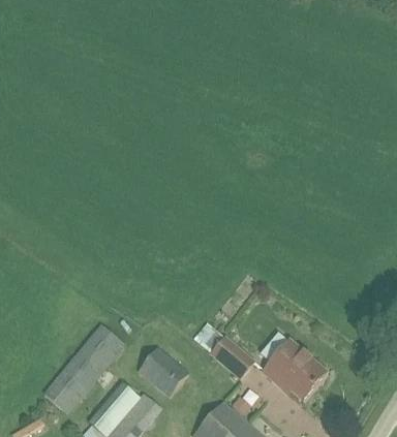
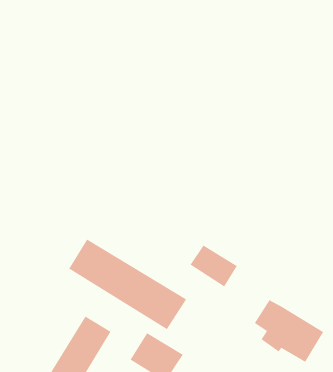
building: none -> [68,238,187,330]
building: [210,336,255,379] -> [190,245,238,287]

